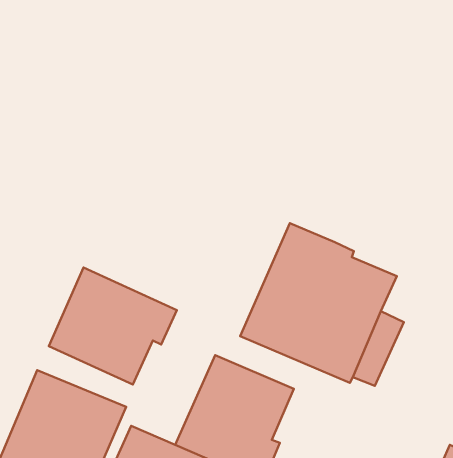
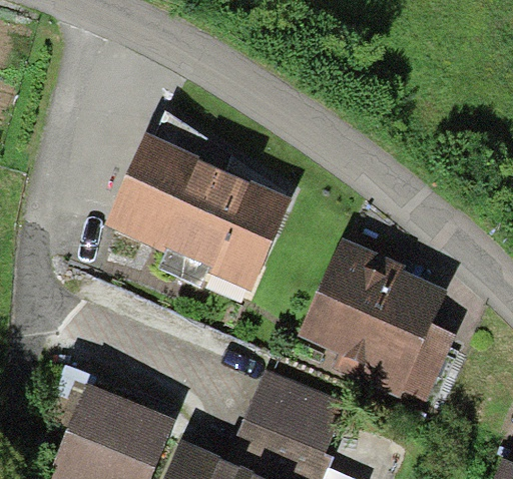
building: none -> [104,131,293,291]
building: [49,268,177,385] -> none

